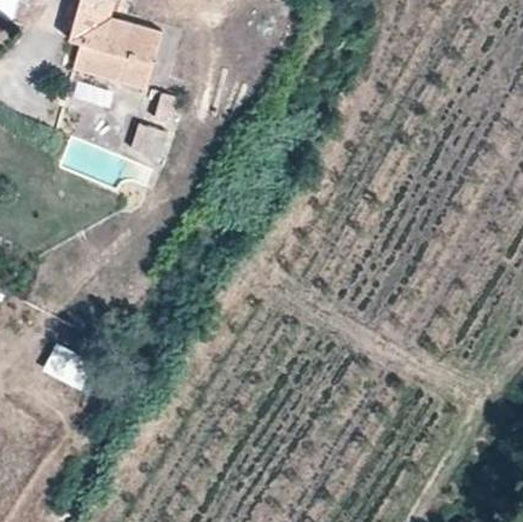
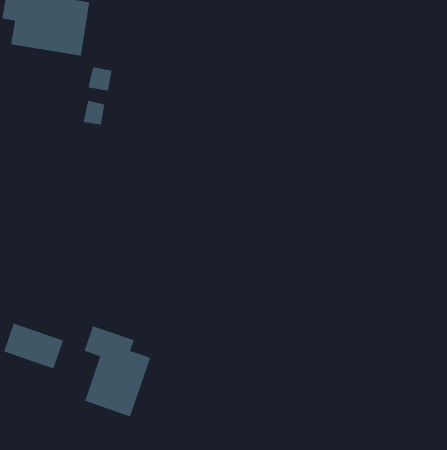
building: none -> [84,325,151,418]

